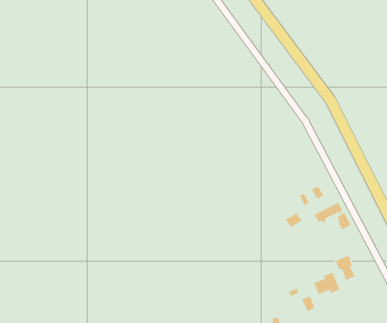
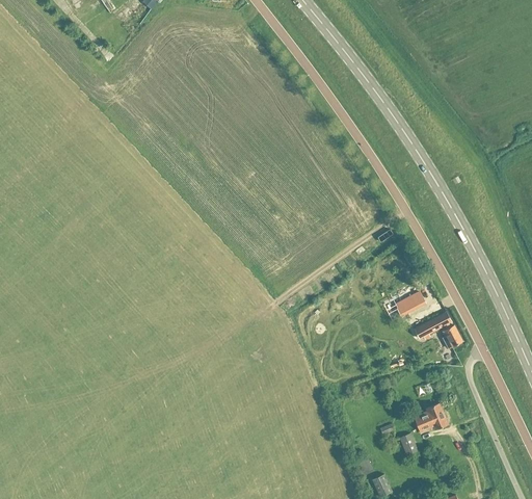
building: [335,255,355,281] -> none

